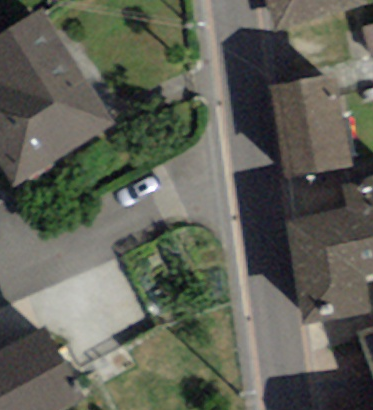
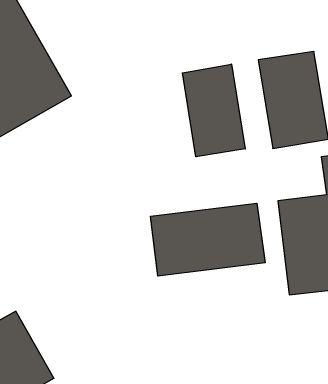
building: none -> [182,64,245,157]
building: none -> [151,203,265,276]

